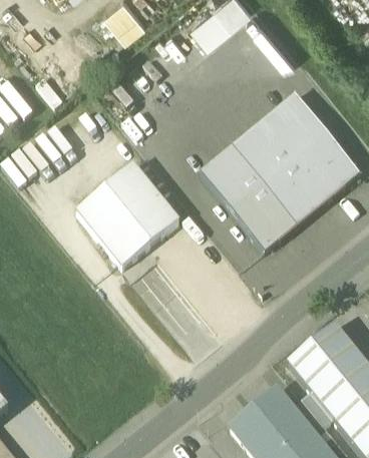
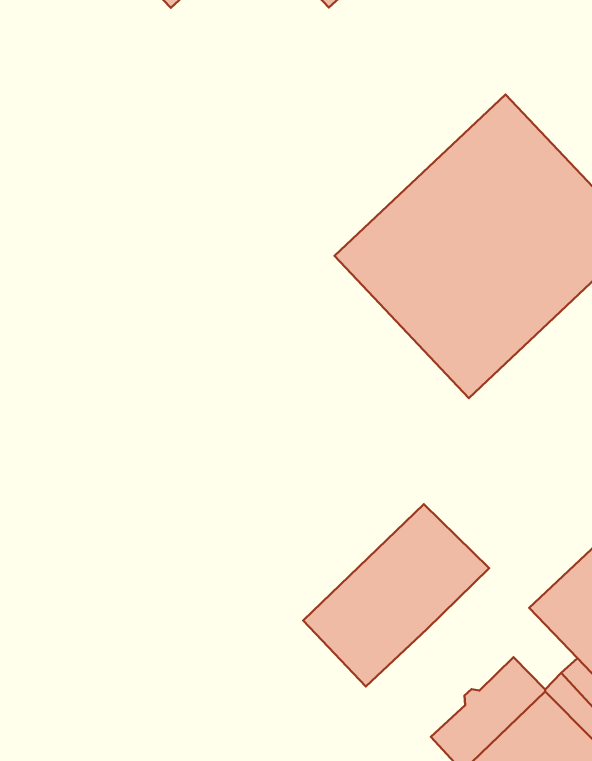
building: [77,162,180,266] -> none
building: none -> [303,504,489,687]

